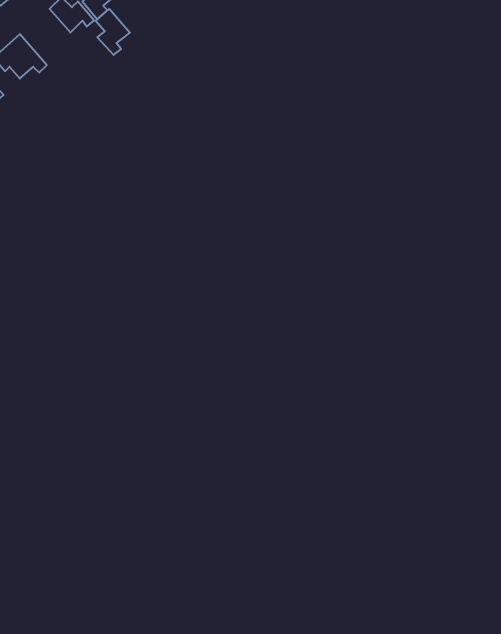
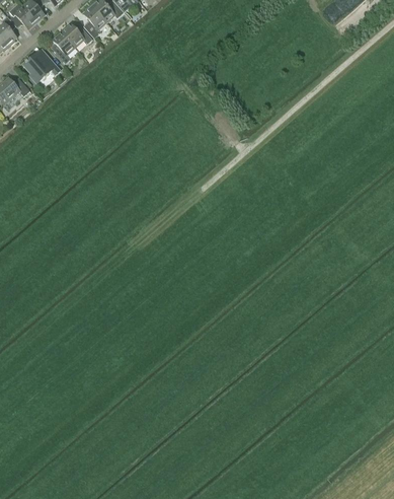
building: [96,9,130,55] -> [52,30,75,62]

